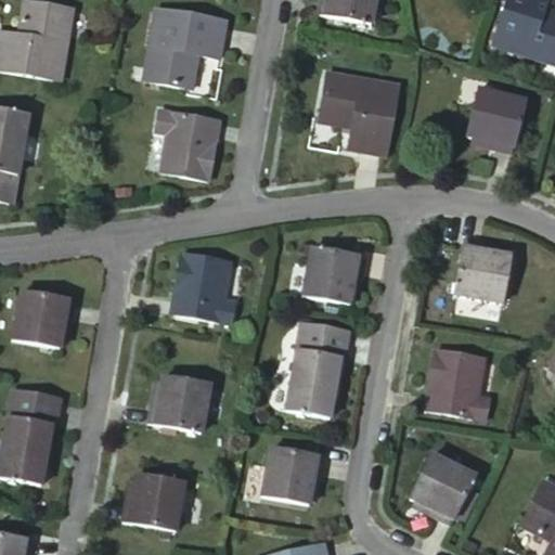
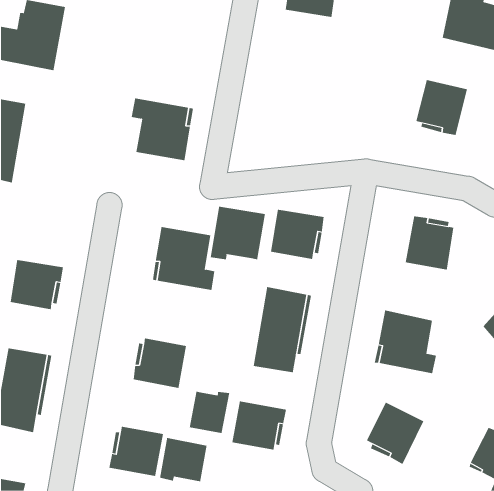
building: [143,7,225,86] -> none
building: [321,72,400,155] -> none
building: none -> [210,206,265,260]
building: none -> [189,391,230,434]
building: none -> [159,437,207,482]

